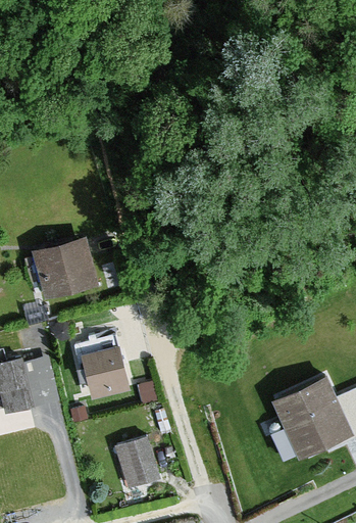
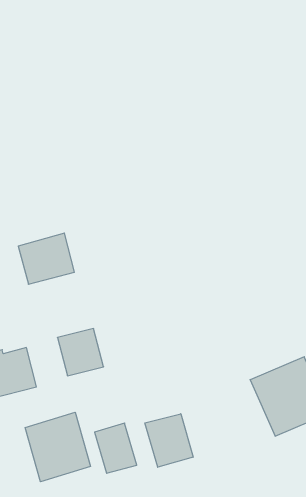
building: none -> [25,412,91,482]
building: none -> [145,414,193,467]

